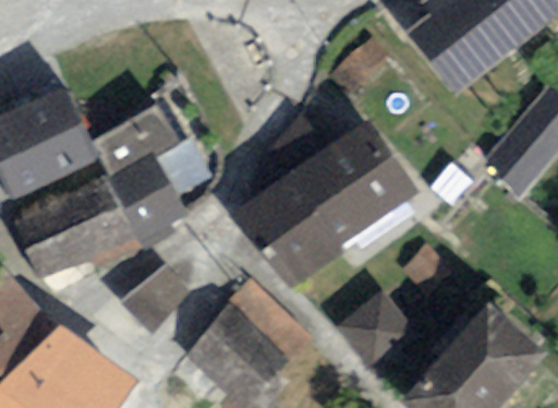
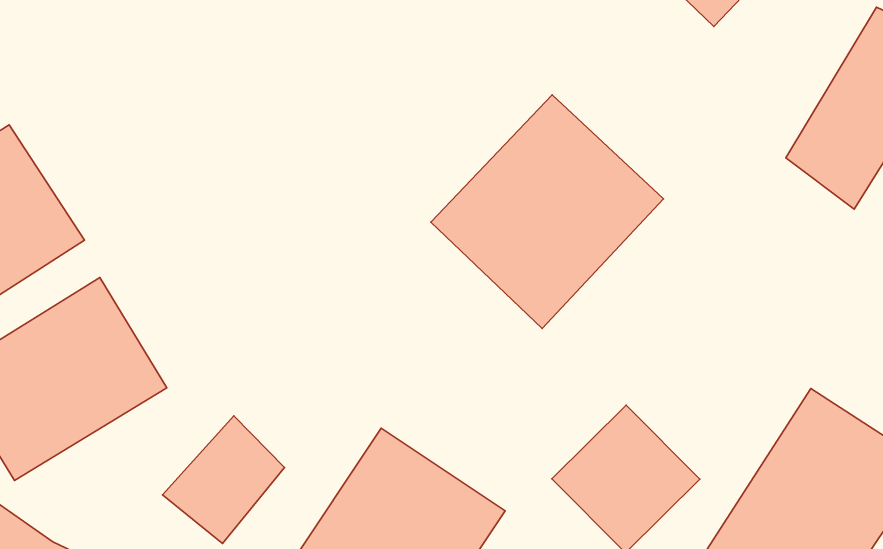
building: [97,107,187,240] -> none
building: [236,176,342,286] -> none

